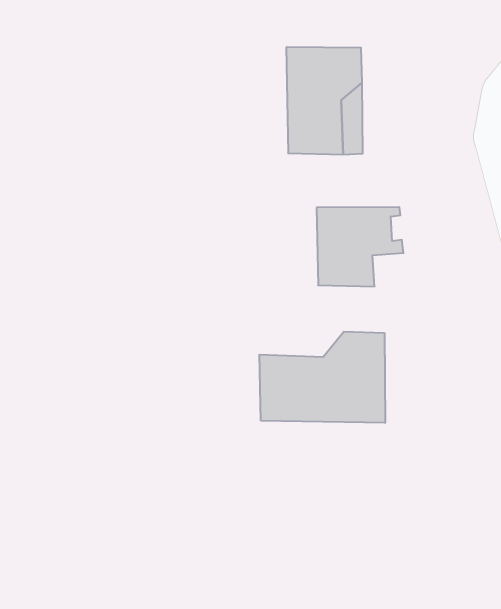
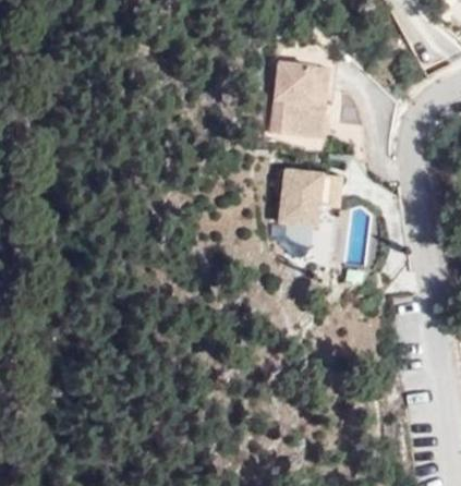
building: [259,332,385,423] -> none

